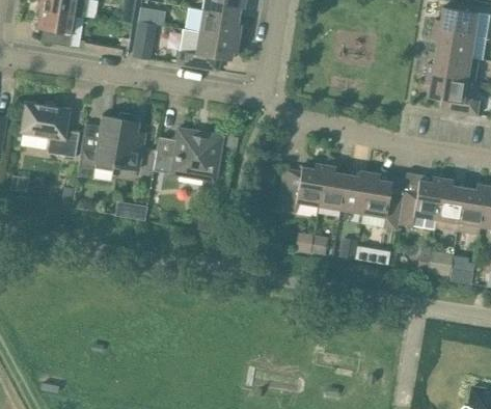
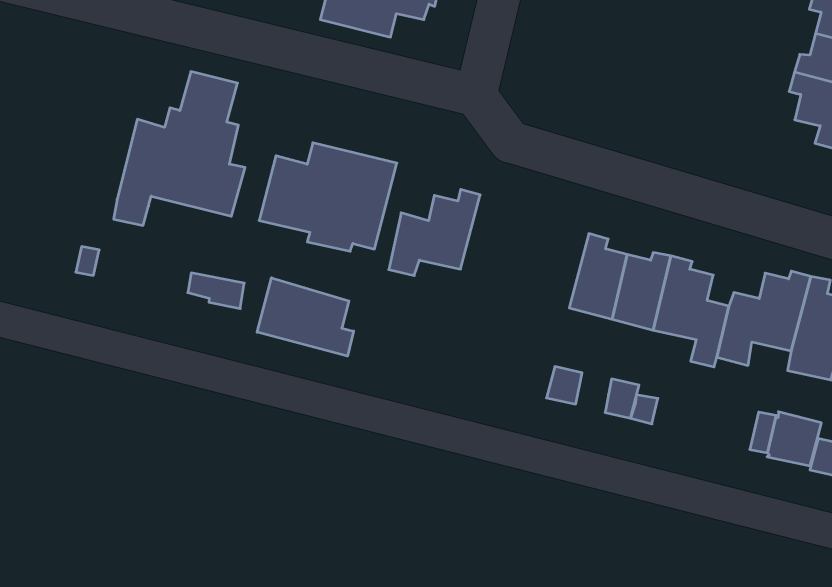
building: [22,102,80,157] -> none
building: [281,162,326,209] -> [389,189,480,276]
building: none -> [257,278,354,356]

